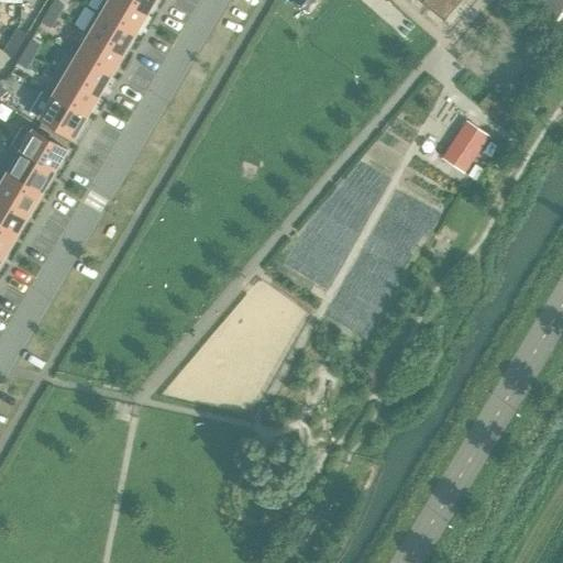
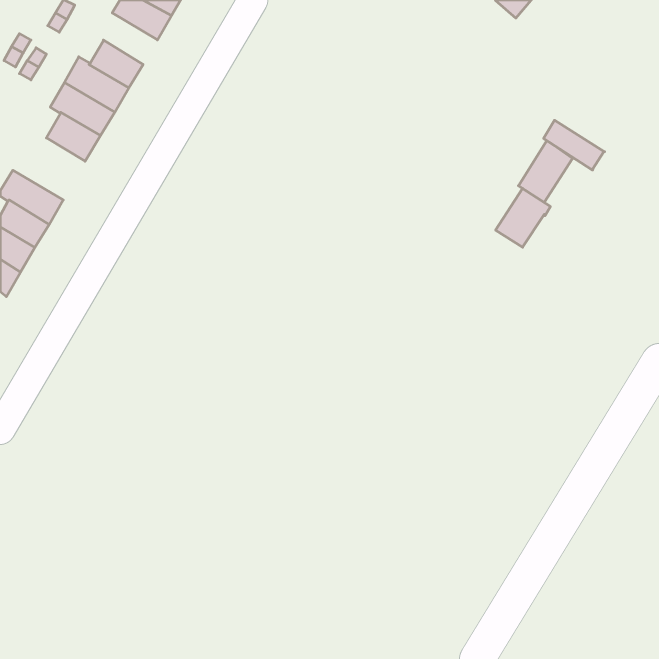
building: [84,11,134,55] -> none
building: none -> [544,120,605,170]
building: [11,123,66,170] -> none
building: none -> [496,188,550,247]

